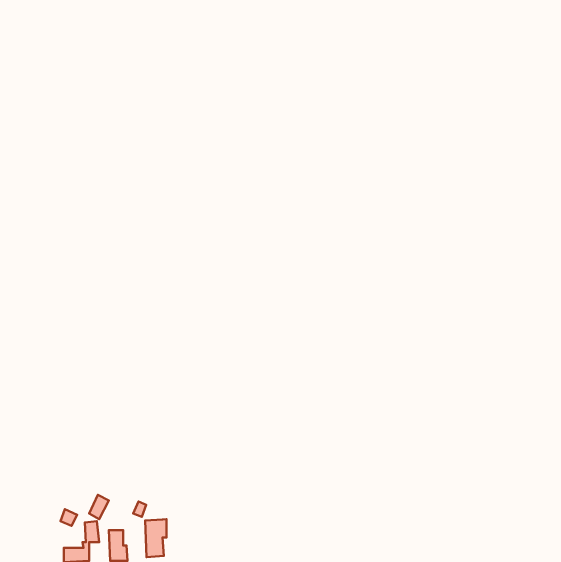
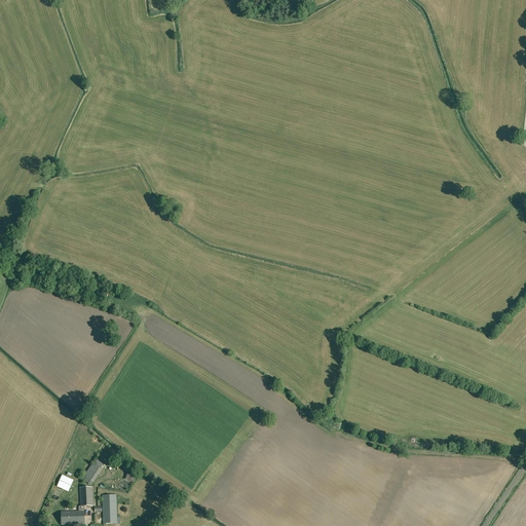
building: [145,519,166,557] -> none

